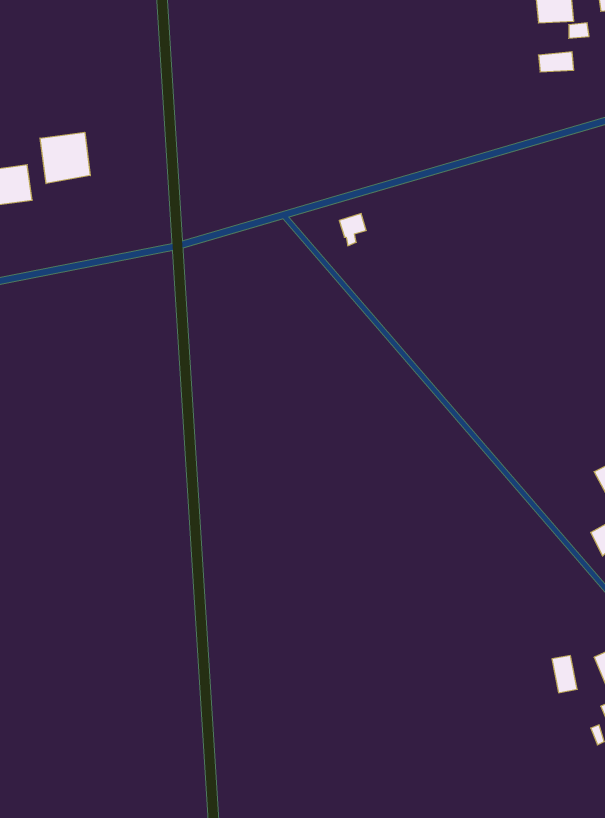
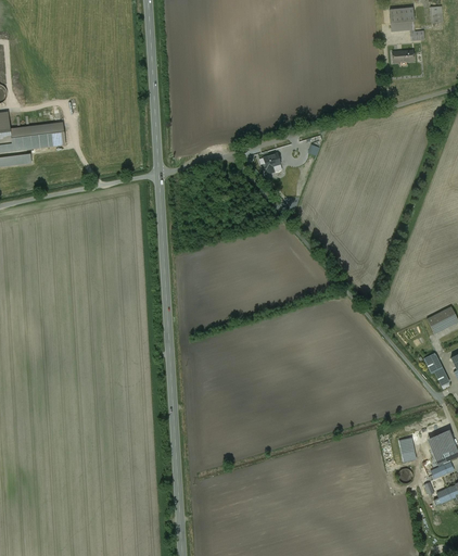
building: [40,132,90,184] -> none

